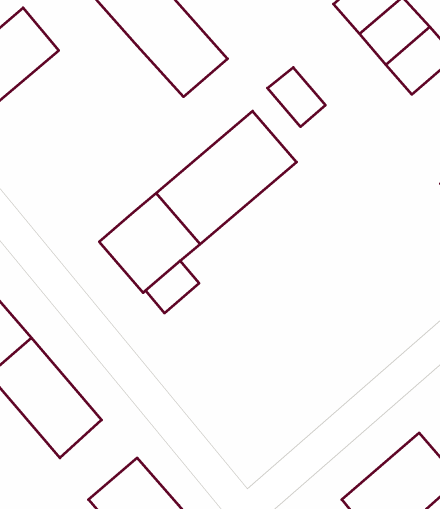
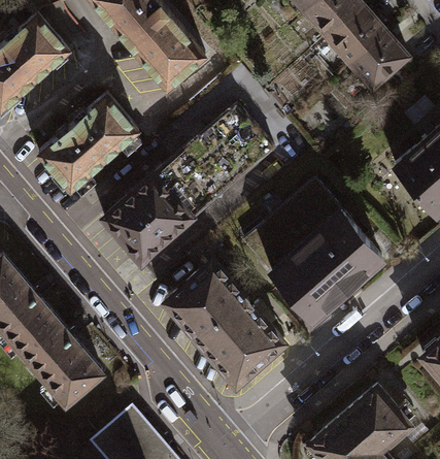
building: [267,67,325,127] -> none
building: none -> [37,94,135,187]
building: none -> [245,181,382,320]
building: none -> [163,260,280,383]

